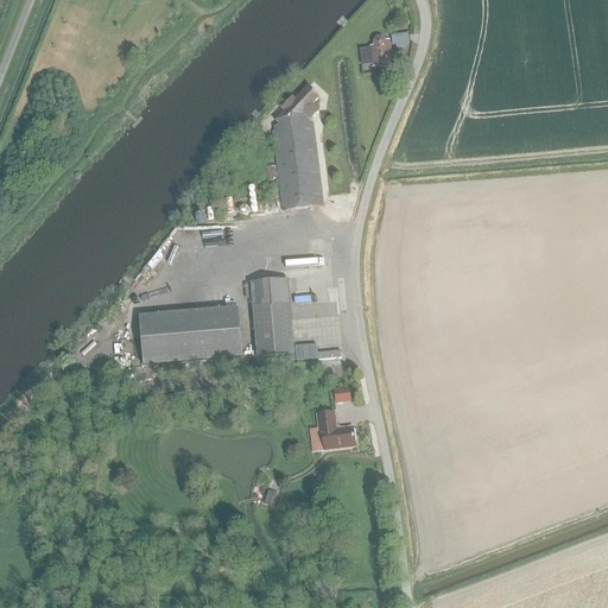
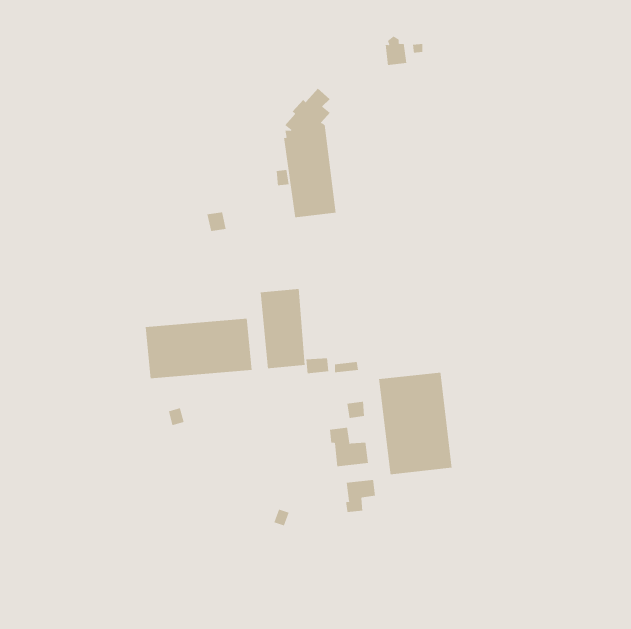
building: none -> [379,372,452,475]
building: none -> [346,479,375,513]

